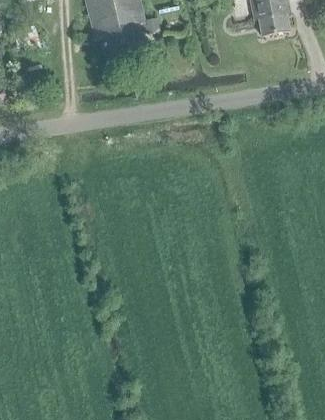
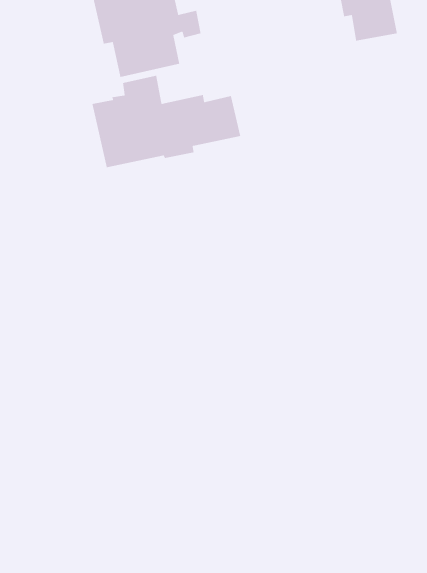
building: none -> [91,75,241,168]

